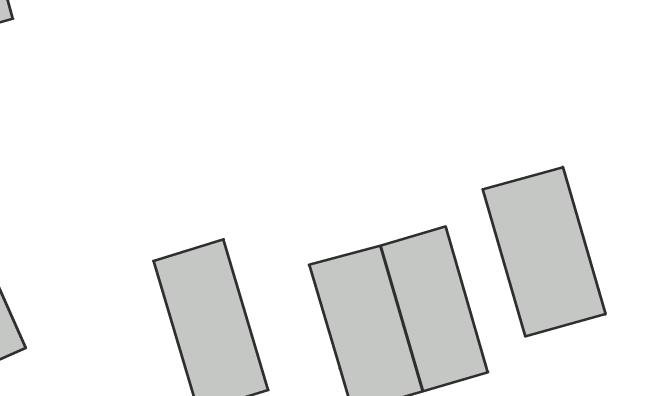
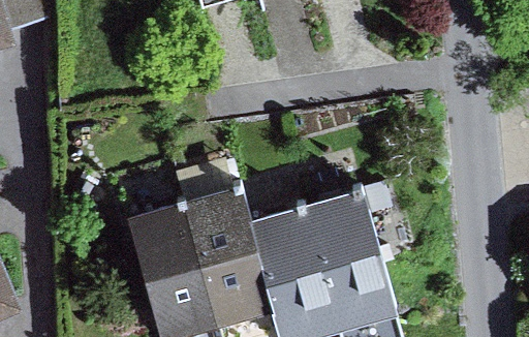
building: [483,167,605,336] -> none
building: none -> [183,180,277,319]

